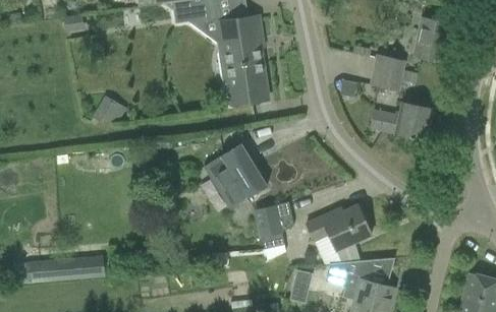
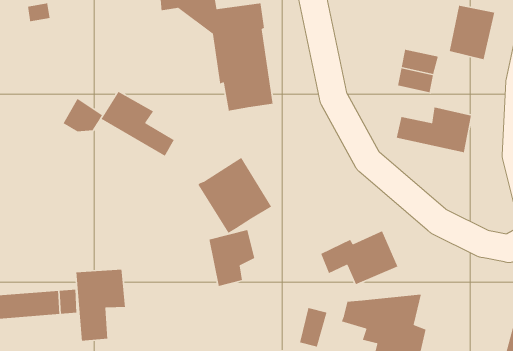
building: none -> [101,91,175,157]
building: [257,201,295,249] -> [209,229,255,287]
building: none -> [76,269,126,341]

